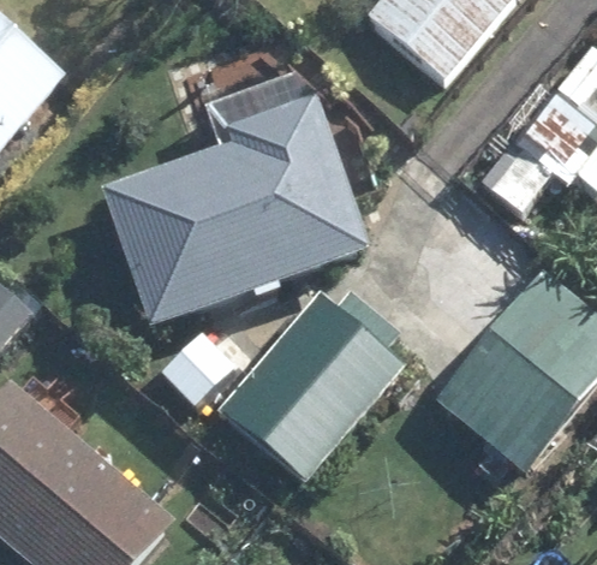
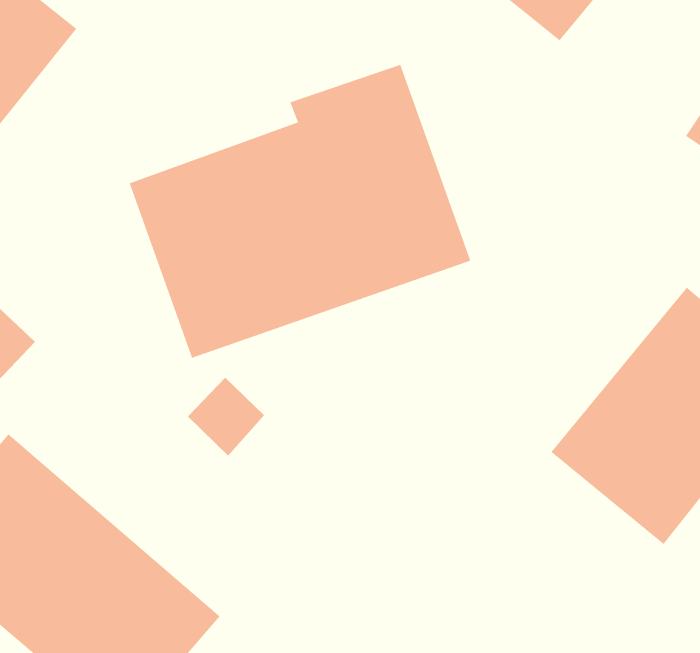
building: [221,287,407,480] -> none

